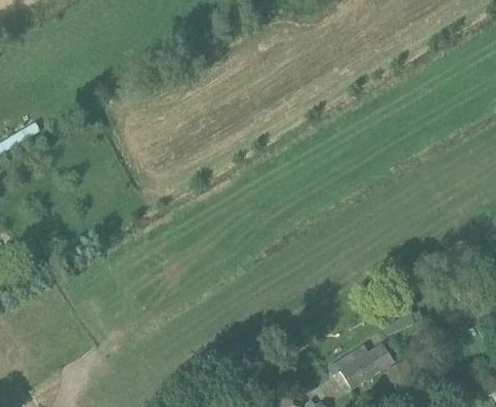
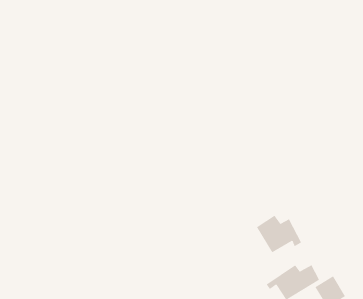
building: none -> [256,215,302,253]

